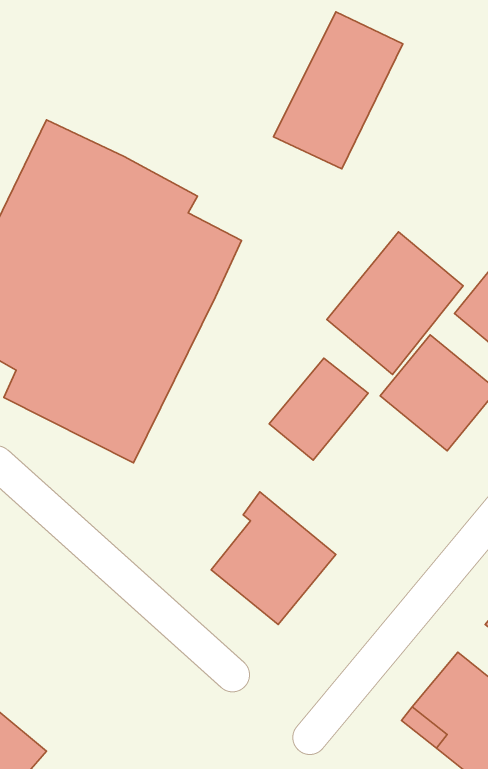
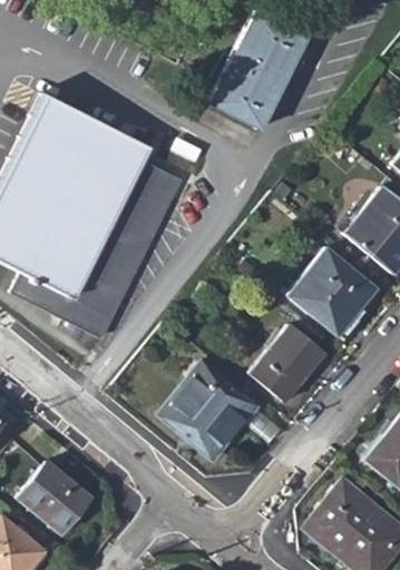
building: [327,232,463,375] -> none
building: [269,358,368,460] -> [248,325,321,400]
building: none -> [16,458,90,531]

